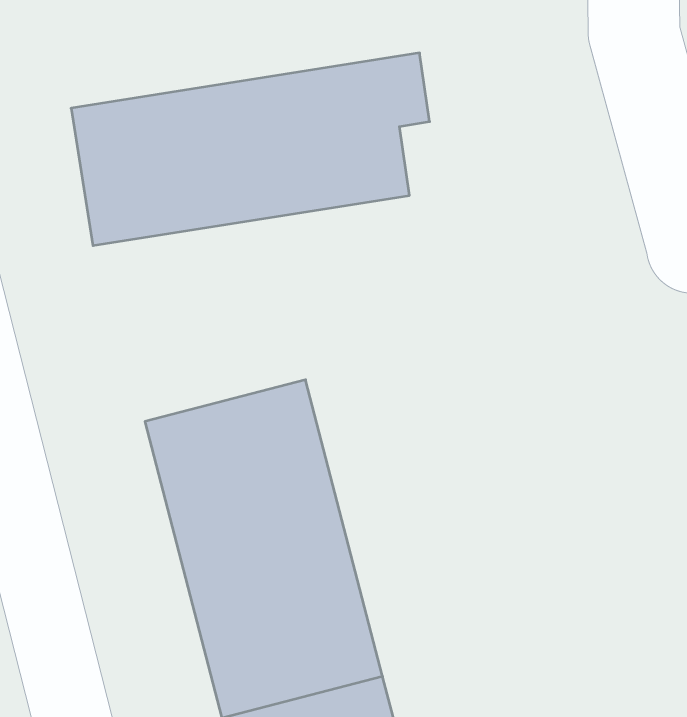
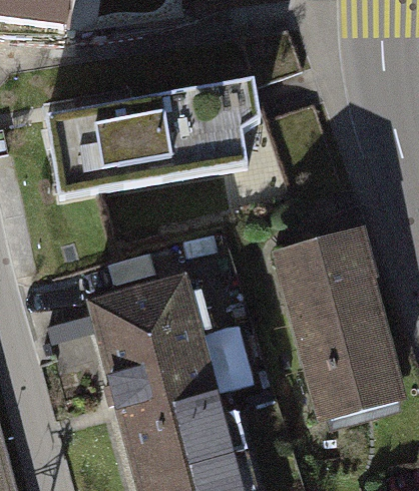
building: none -> [281,228,399,416]

